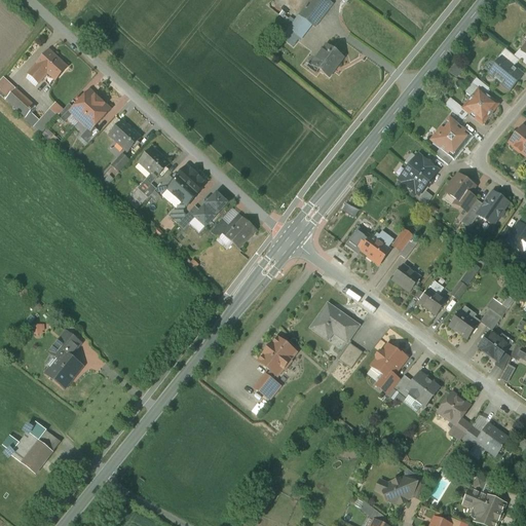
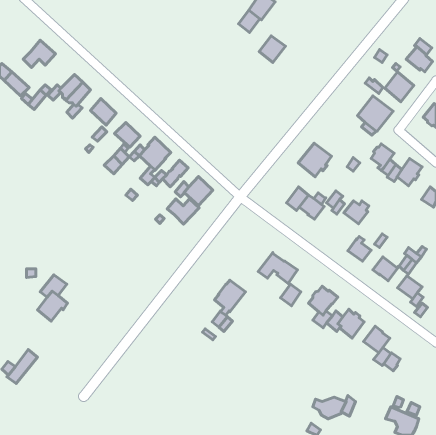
building: [398,153,438,193] -> [298,143,331,177]
building: none -> [167,199,199,224]
building: [391,263,421,291] -> [344,201,369,224]
building: [477,422,506,452] -> none
building: [20,428,60,472] -> none

